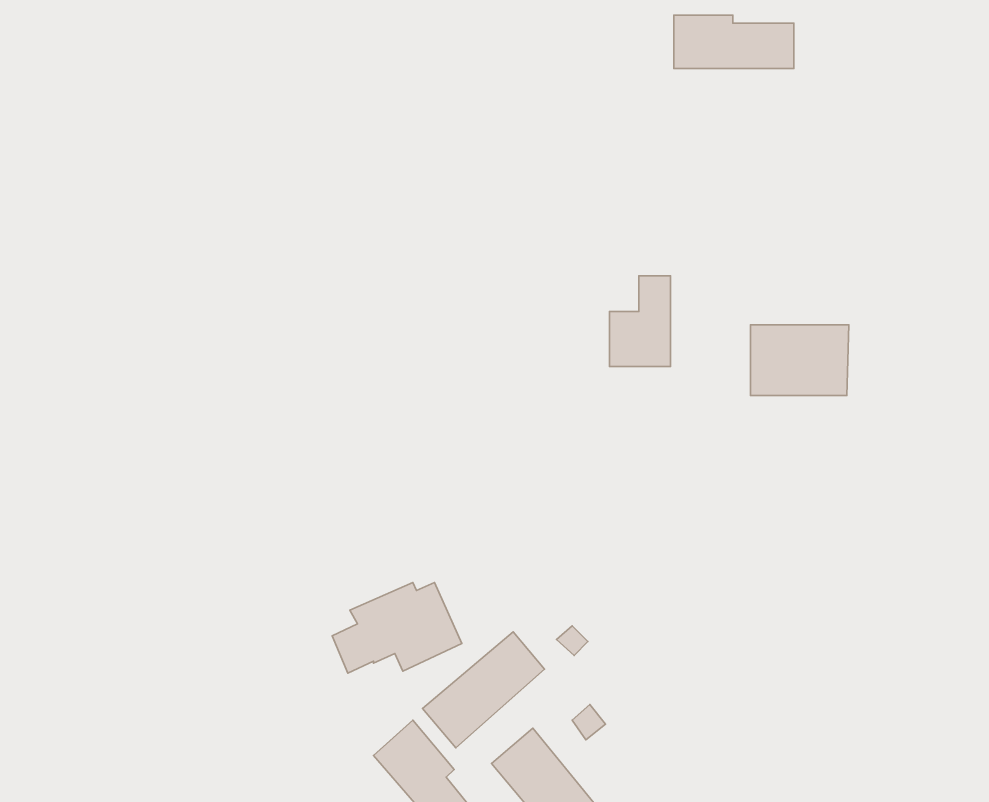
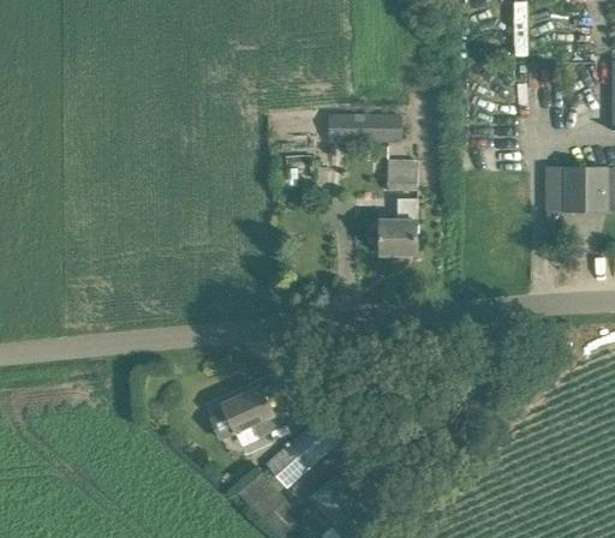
building: [674,15,794,68] -> [327,108,400,141]
building: none -> [386,159,417,190]
building: [750,325,849,396] -> [544,168,604,211]

